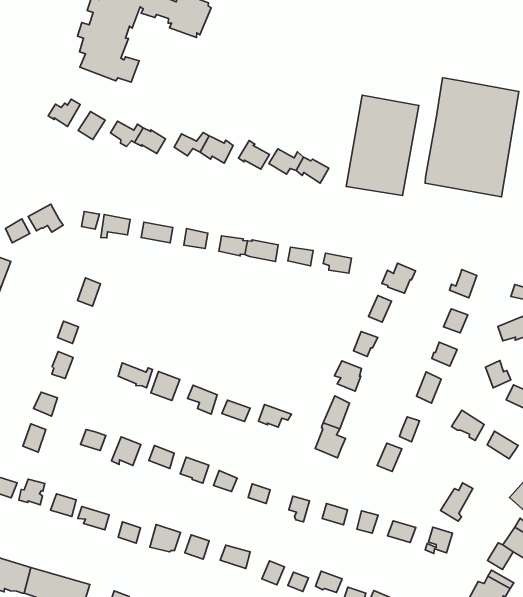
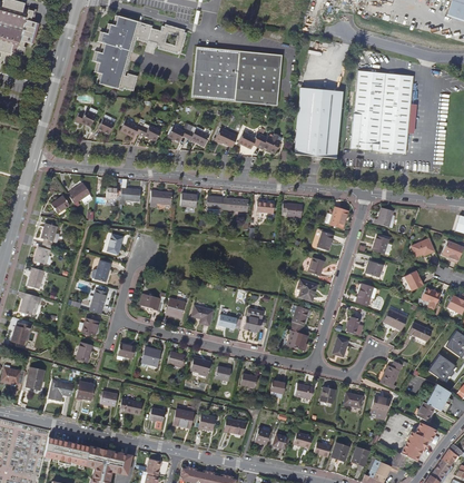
building: none -> [191,45,283,105]

